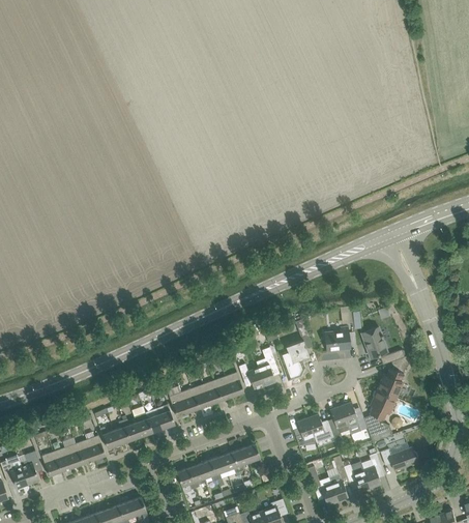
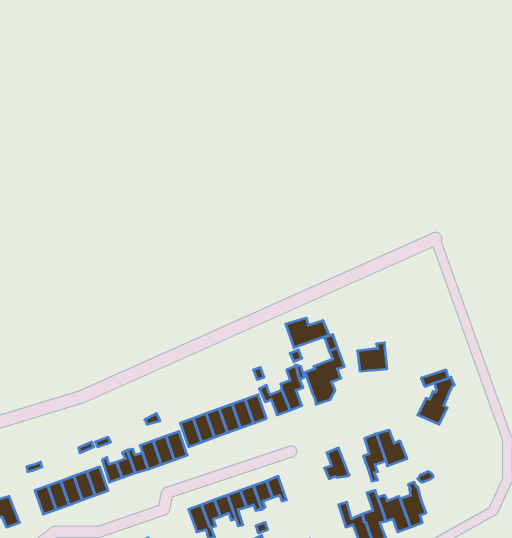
building: none -> [286,318,329,348]
building: [361,327,387,358] -> none
building: [363,389,395,442] -> none
building: [307,414,333,442] -> none
building: [380,447,417,471] -> none
building: [20,451,41,484] -> none

